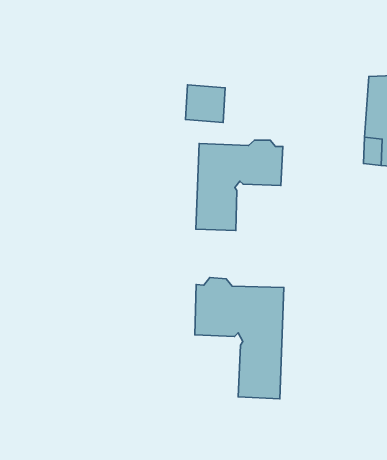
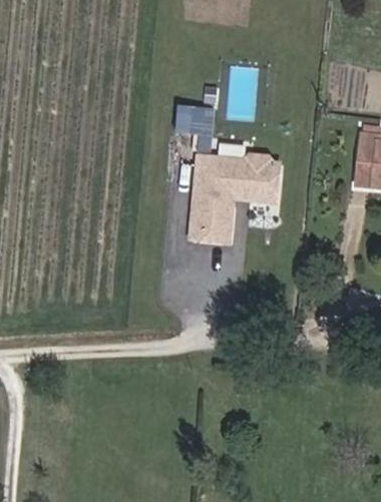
building: [195,277,284,399] -> none

